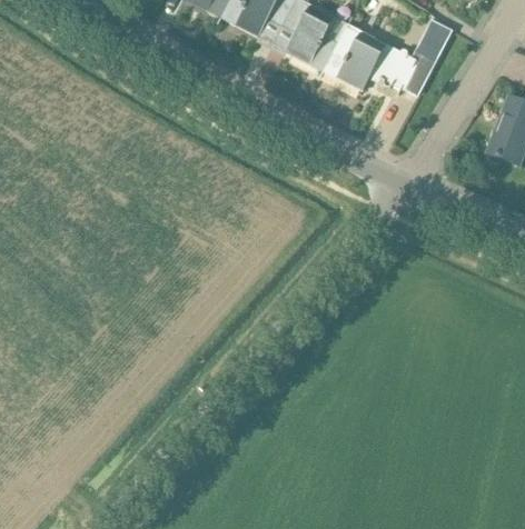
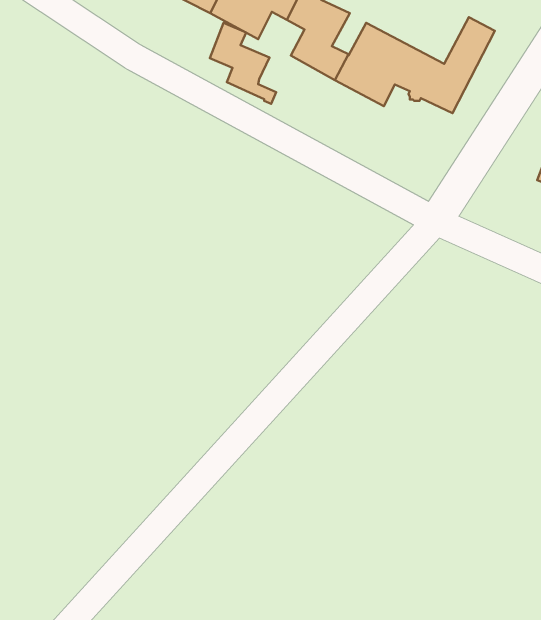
building: none -> [210,23,276,104]

